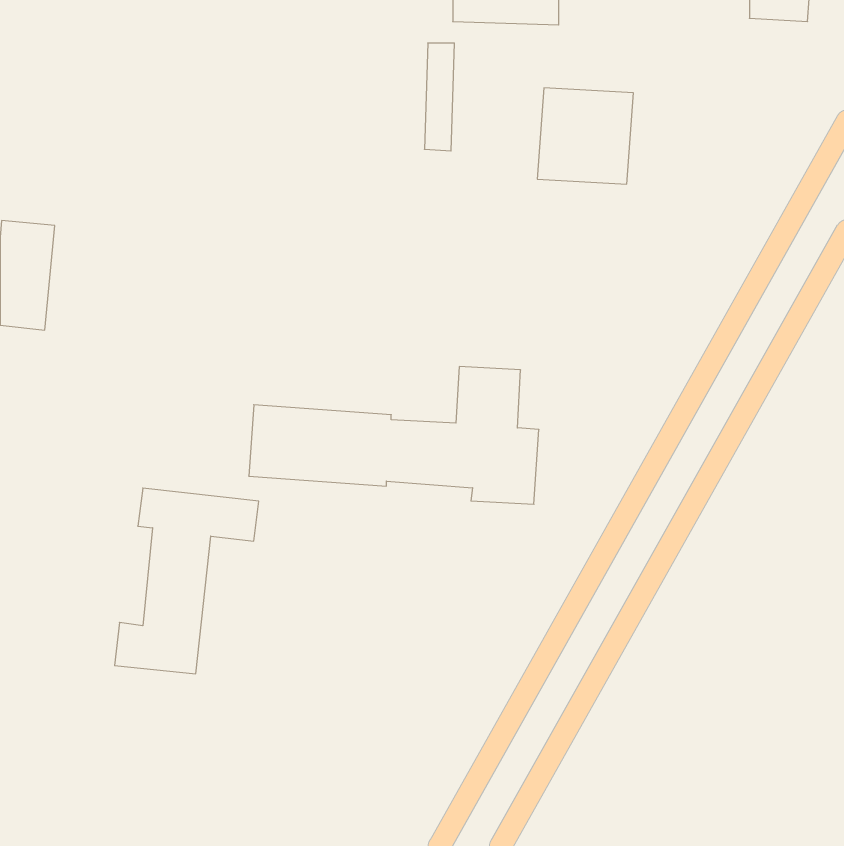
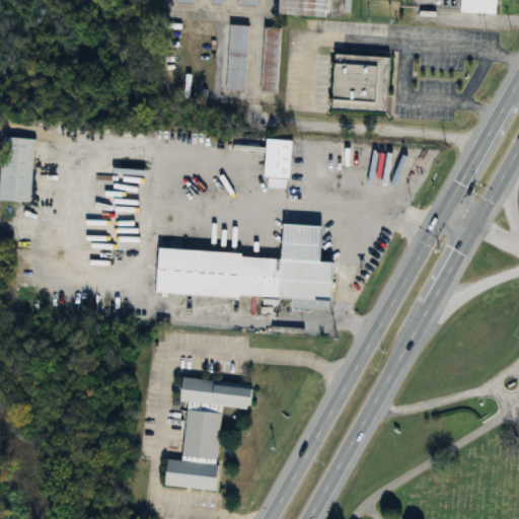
building: none -> [227,23,248,90]
building: none -> [263,138,292,178]
building: [115,488,259,674] -> [164,376,252,490]

